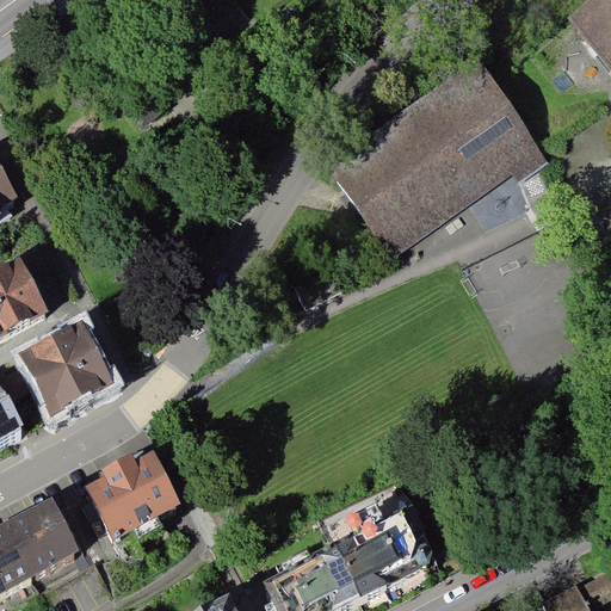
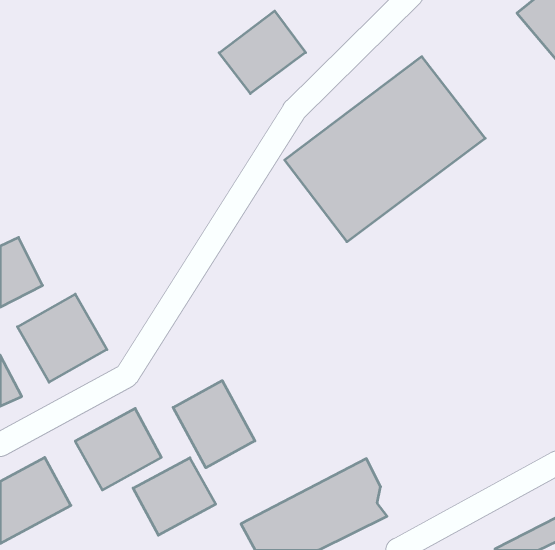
building: none -> [219,11,306,94]
building: none -> [173,381,255,468]
building: none -> [133,458,216,535]

